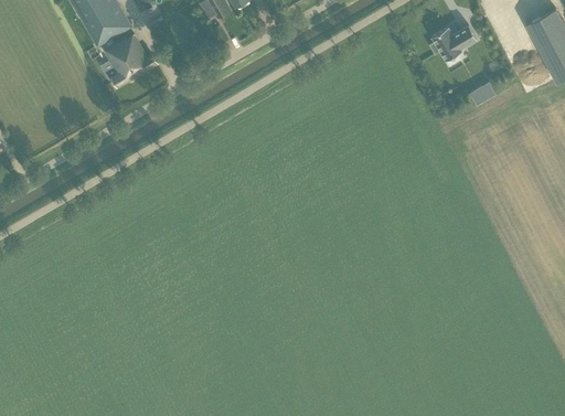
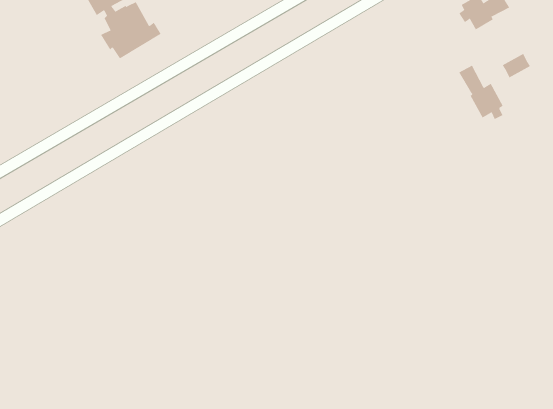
building: none -> [458,65,504,120]

